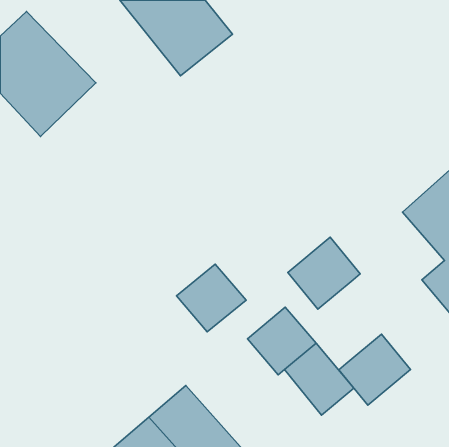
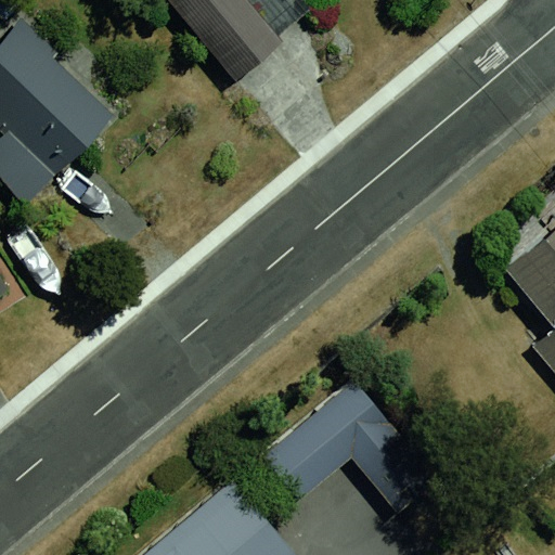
building: [288,237,360,309] -> none
building: [176,264,246,332] -> [258,421,344,504]
building: [339,334,410,405] -> none

